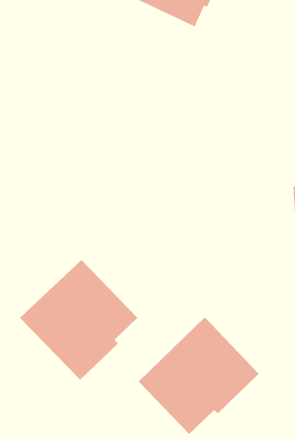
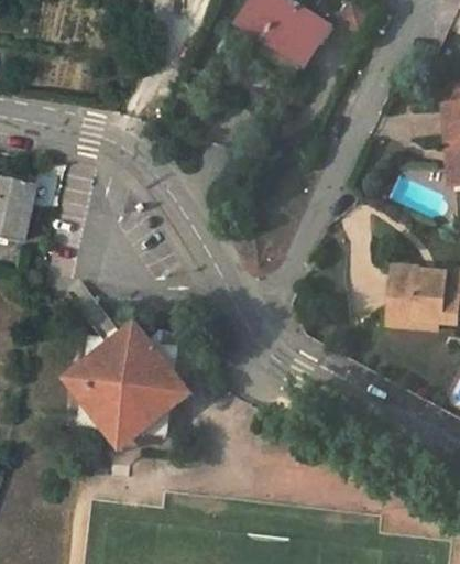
building: [138,317,260,435] -> none

